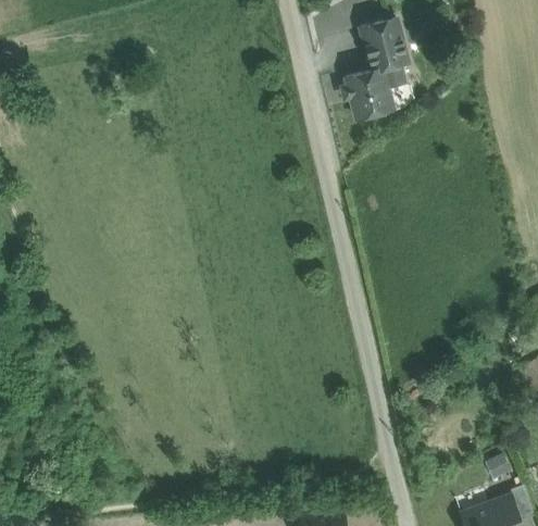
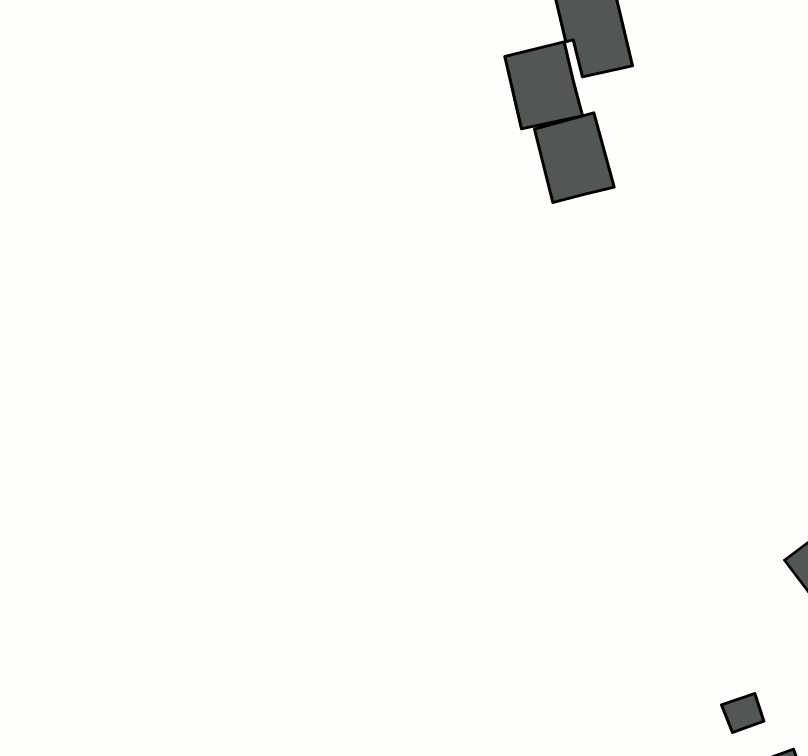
building: none -> [534,113,614,203]

